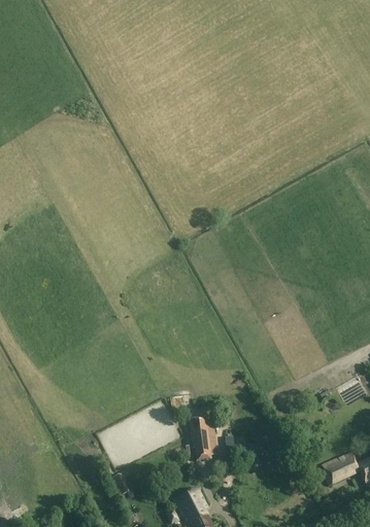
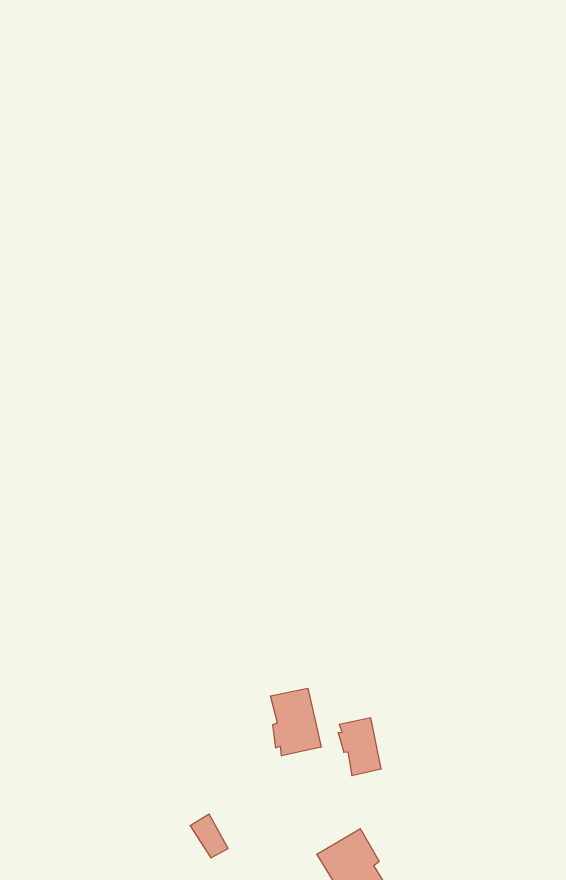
building: none -> [270,688,321,756]

